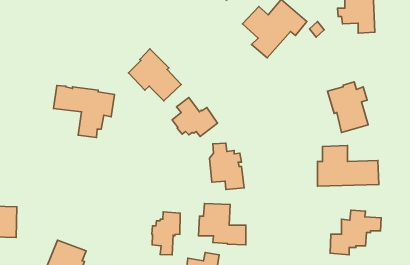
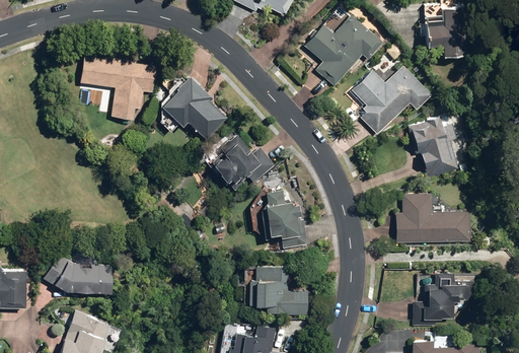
building: none -> [352,66,431,135]
building: [53,85,115,137] -> [80,55,155,119]
building: none -> [43,255,115,291]
building: [152,212,180,255] -> none

